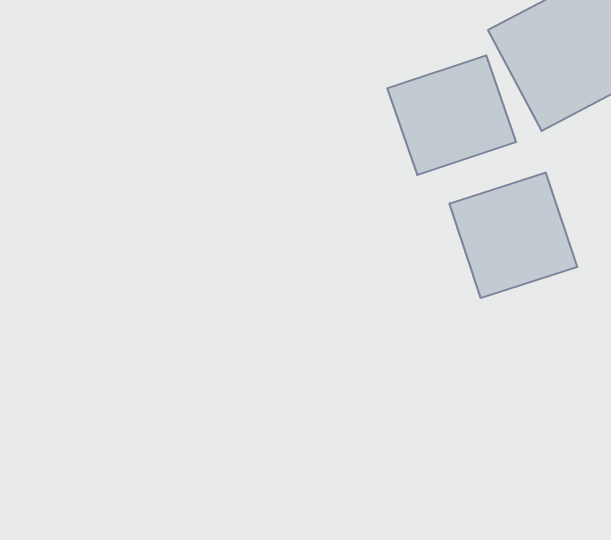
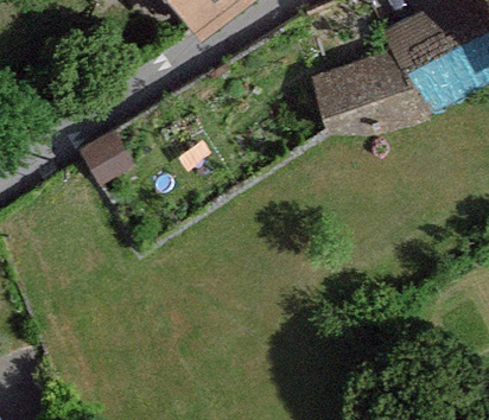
building: [449,172,577,298] -> none

